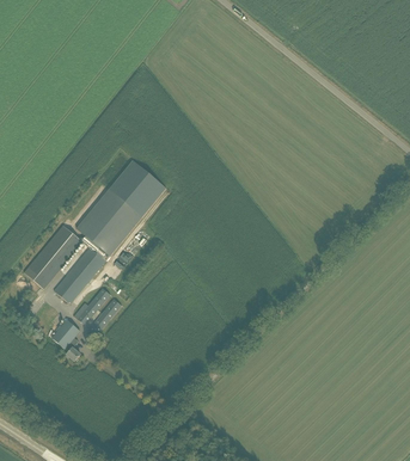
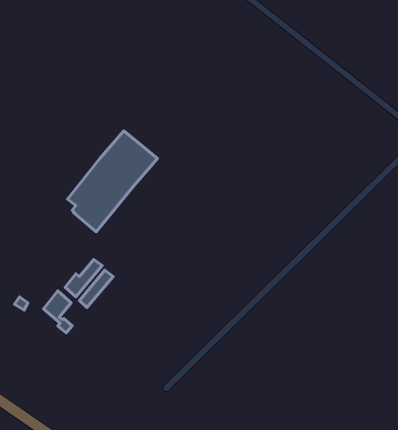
building: [24,225,84,288] -> none
building: [54,247,106,303] -> none

